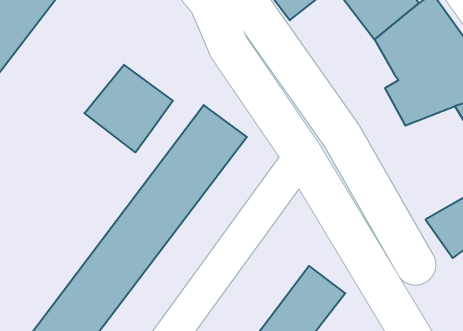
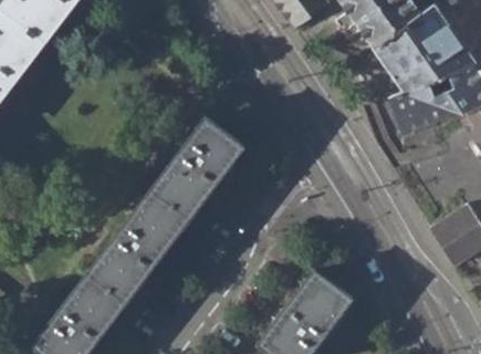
building: [84,65,173,152] -> none

